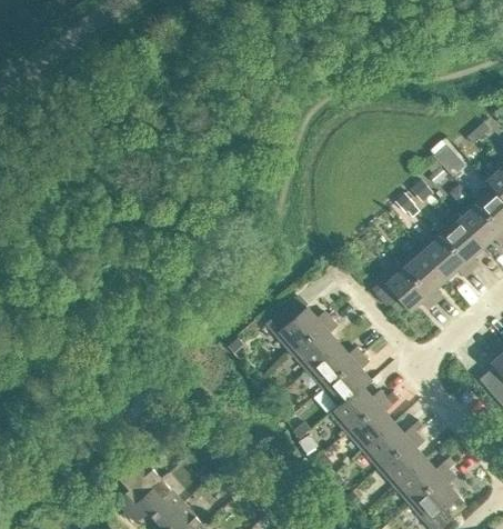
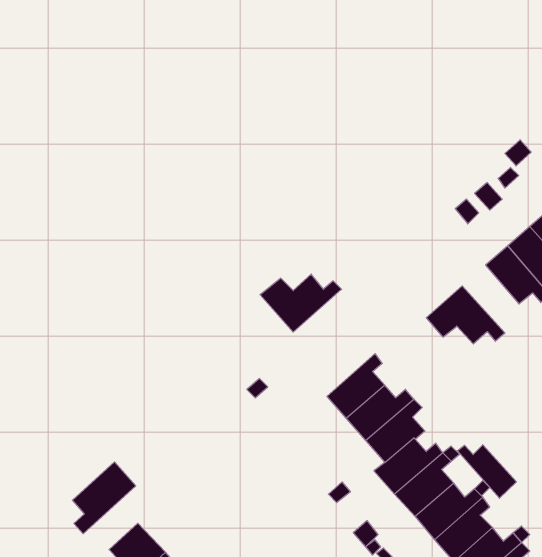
building: [402,248,447,302] -> none
building: [266,307,332,353] -> [260,274,342,332]
building: none -> [457,445,516,498]
building: none -> [72,462,136,534]

